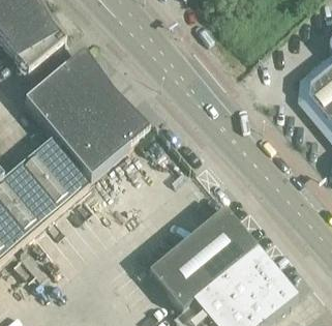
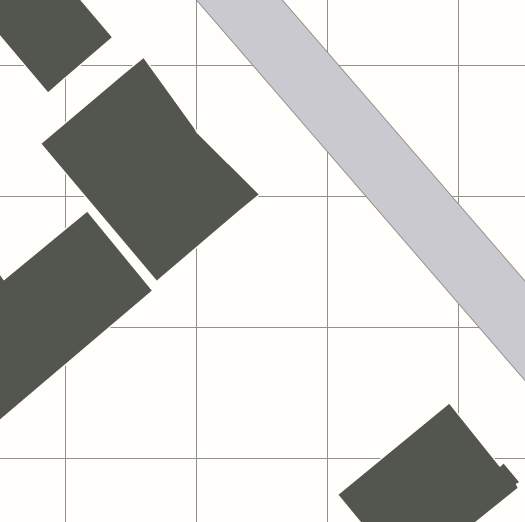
building: [149,206,259,309] -> none

